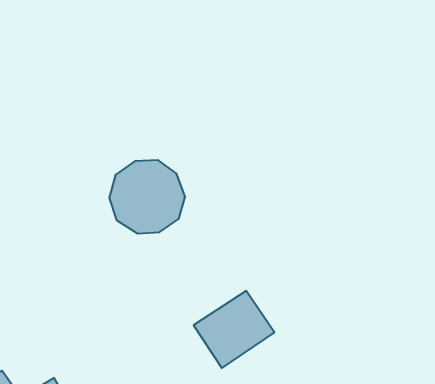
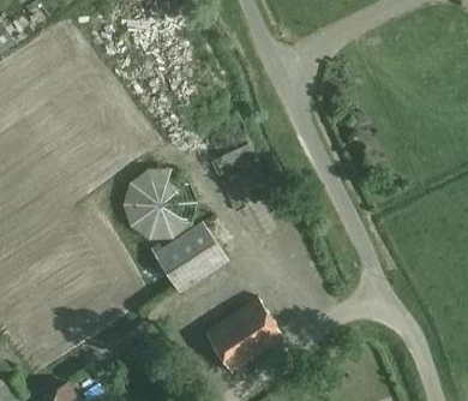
building: none -> [150,220,229,293]

